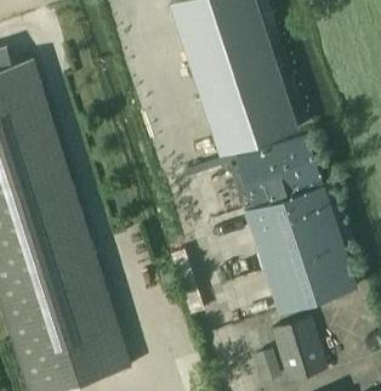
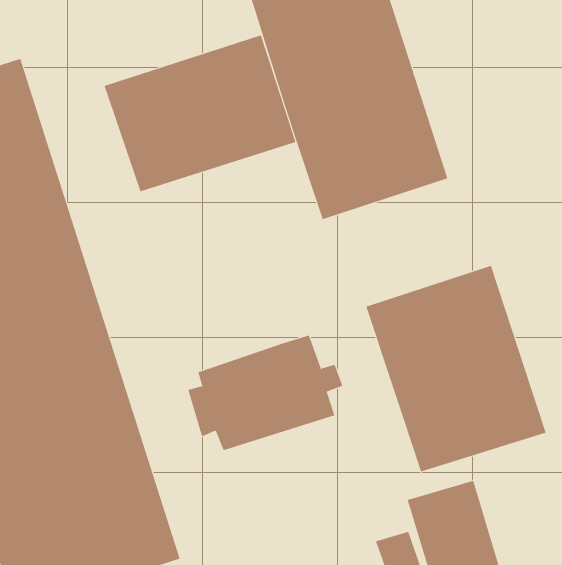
building: none -> [104,35,296,192]
building: [231,136,326,208] -> [188,335,343,451]

